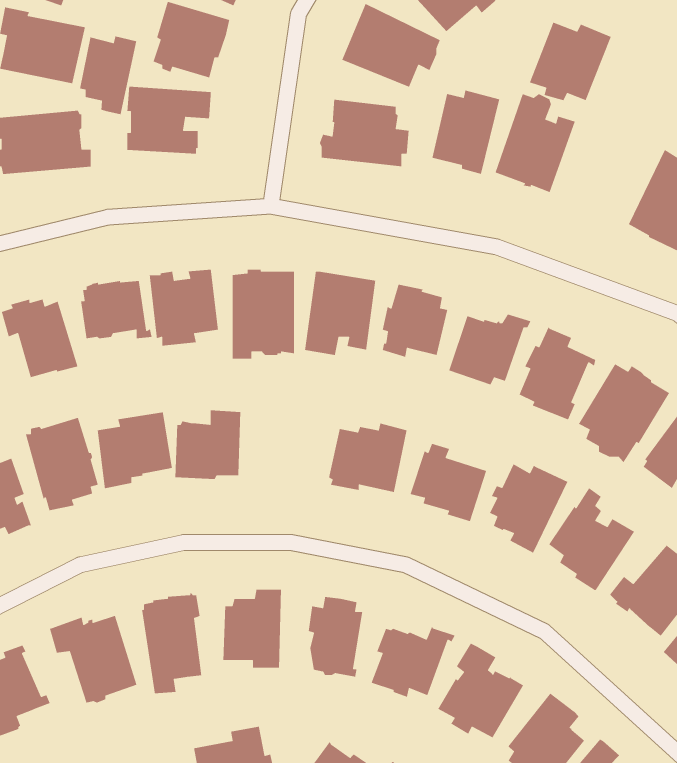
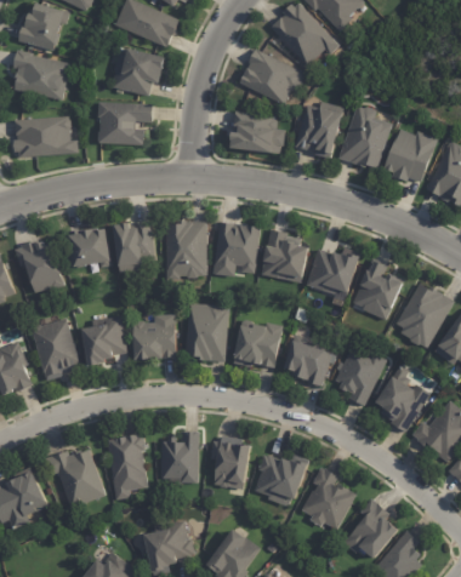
building: [529,22,612,101] -> [381,131,436,183]
building: [79,35,137,115] -> none
building: none -> [187,302,230,361]

